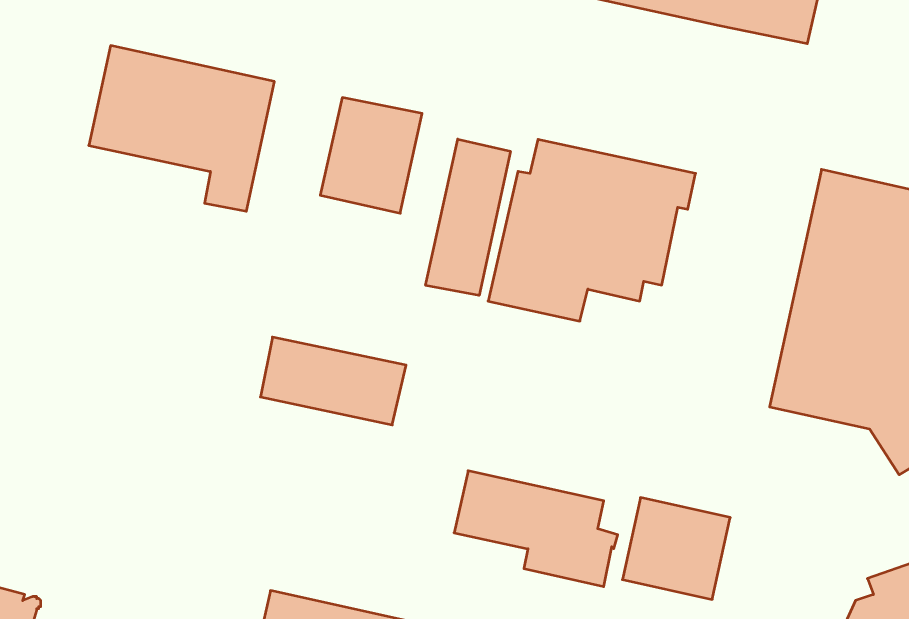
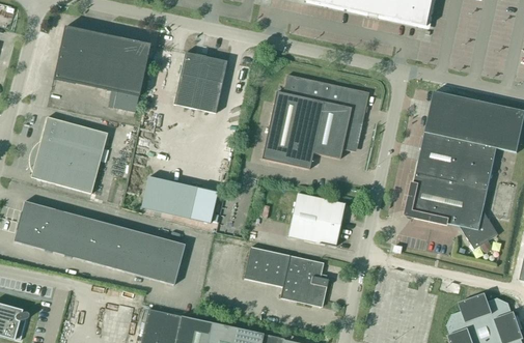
building: [426,139,510,295] -> none
building: none -> [30,117,108,194]
building: none -> [13,201,184,285]
building: [622,498,730,599] -> [288,194,344,247]

